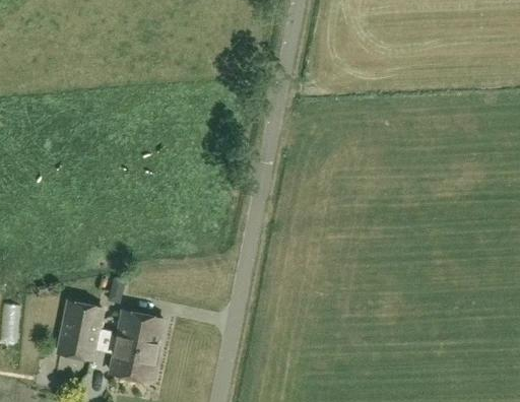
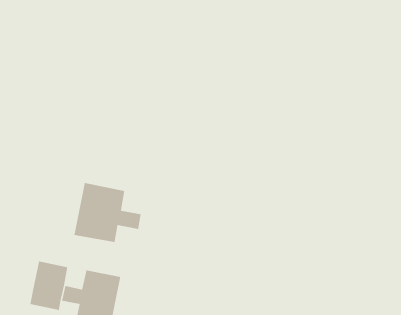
building: none -> [74,182,142,243]

